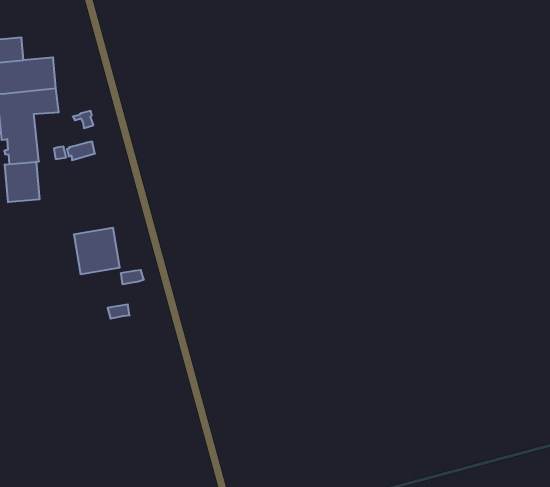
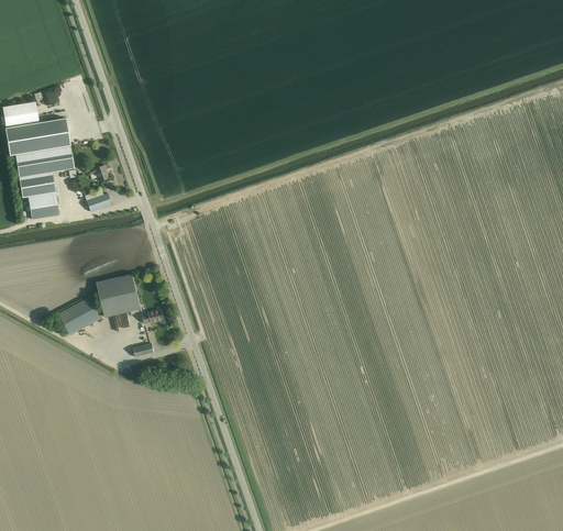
building: [5,162,39,202] -> none
building: none -> [59,298,102,334]

